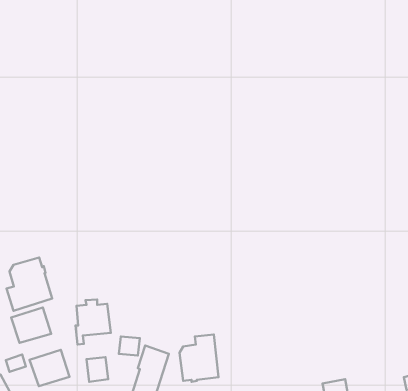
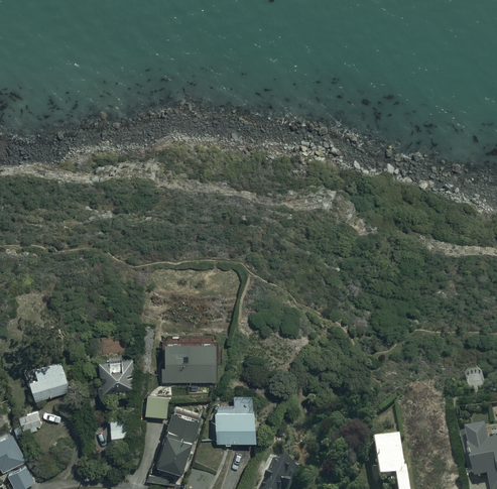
building: [6,258,52,311] -> none
building: none -> [161,343,216,381]
building: [29,350,69,386] -> none

